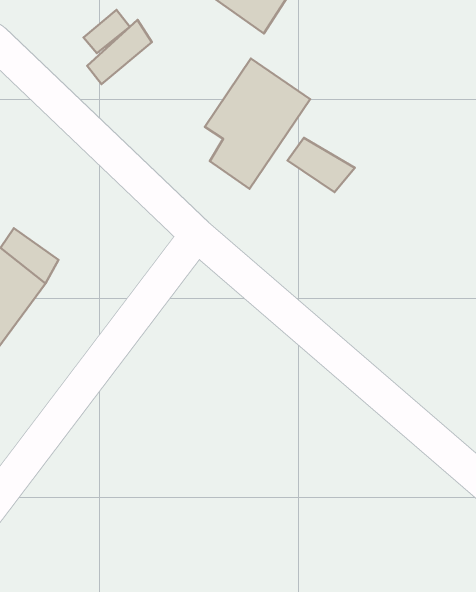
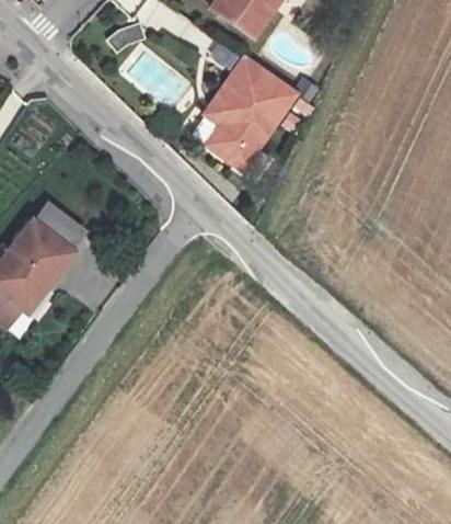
building: [87,20,152,84] -> none
building: [288,138,355,192] -> none

